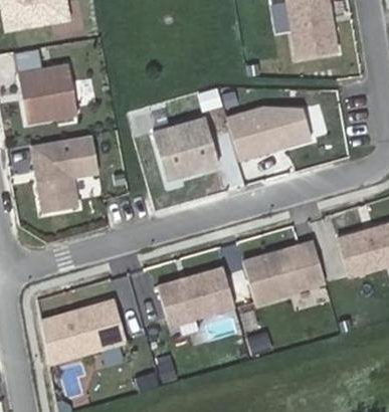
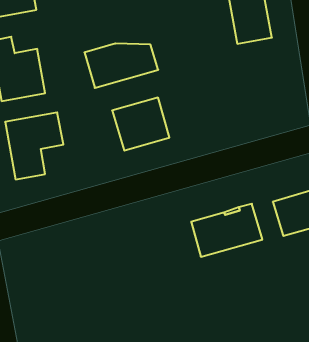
building: [226,109,312,160] -> [84,44,158,88]
building: [158,268,235,327] -> none
building: [41,302,126,366] -> none

